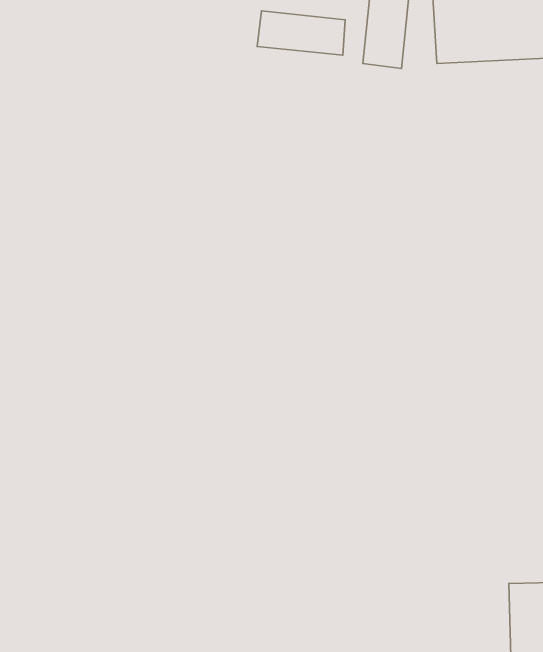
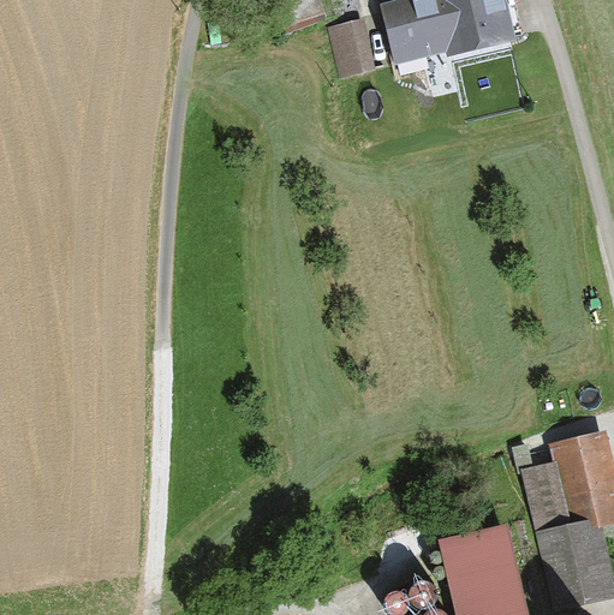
building: [257,11,345,55] -> none

